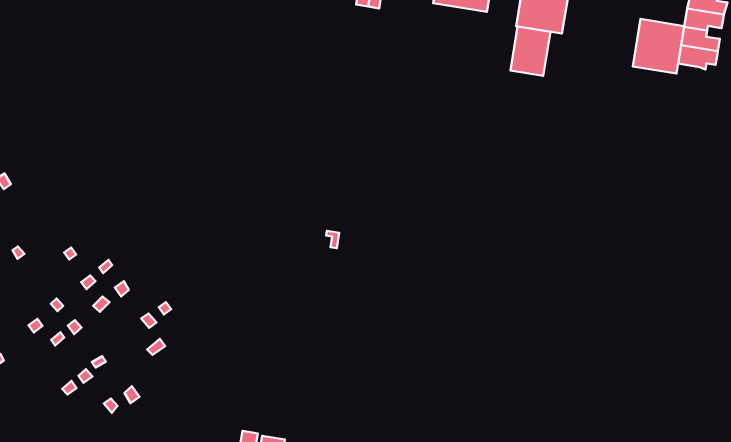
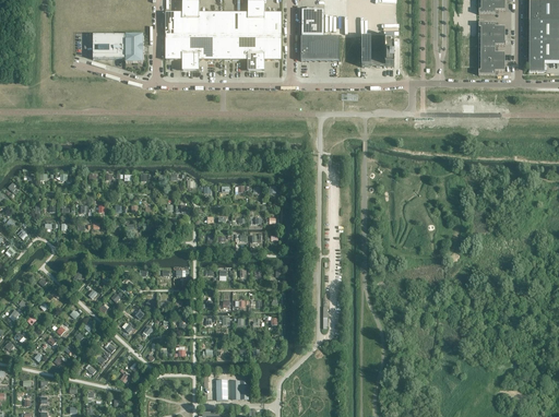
building: [633,19,684,74] -> none
building: [510,26,550,76] -> none

